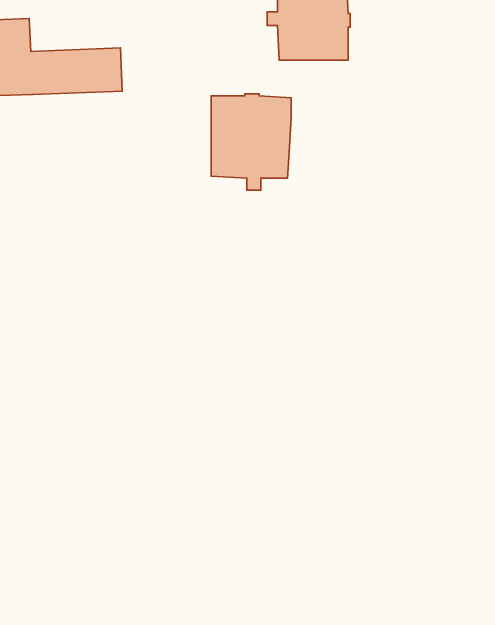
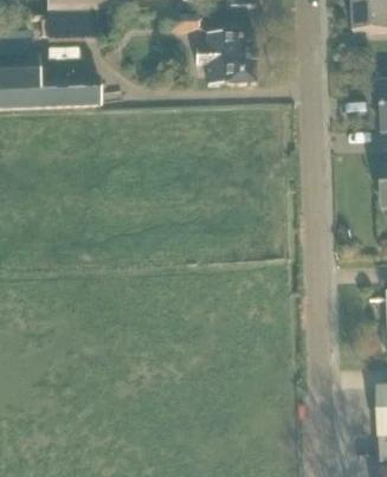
building: [211,94,291,190] -> none

